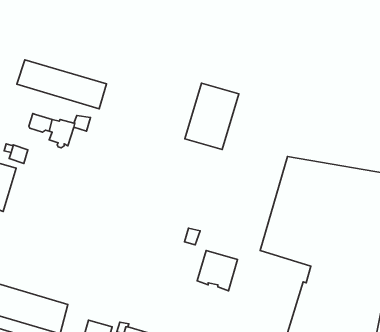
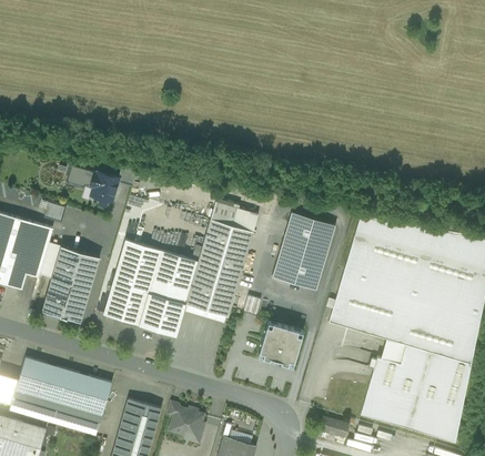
building: [17,60,106,109] -> none
building: [185,83,239,150] -> [273,214,334,290]
building: none -> [103,202,257,336]
building: none -> [41,246,99,323]

